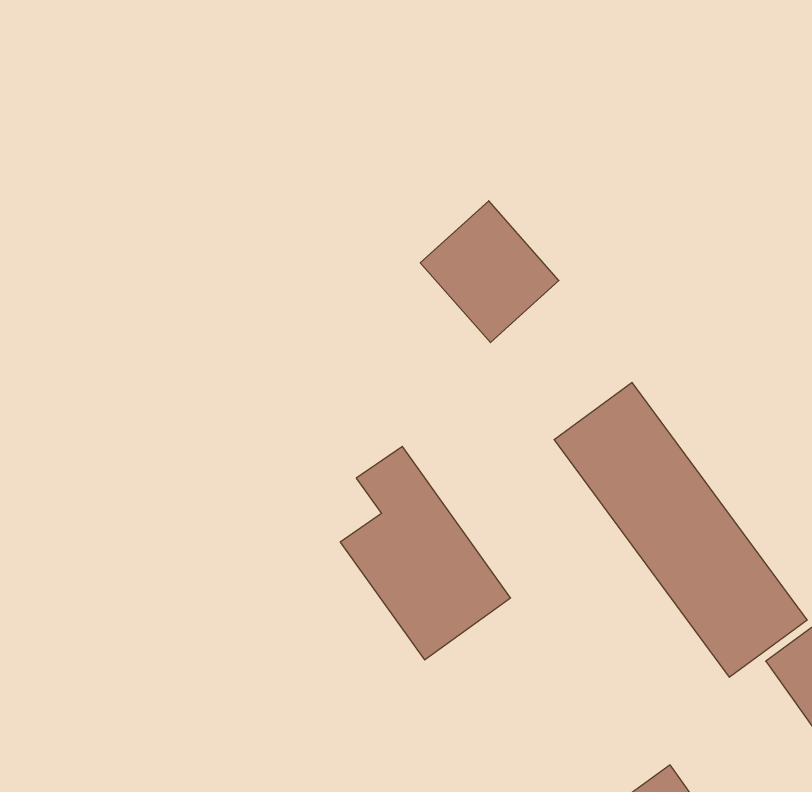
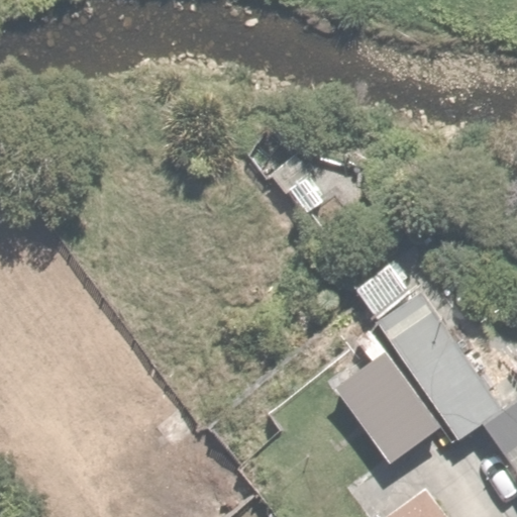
building: [340,446,511,660] -> [331,331,439,467]

